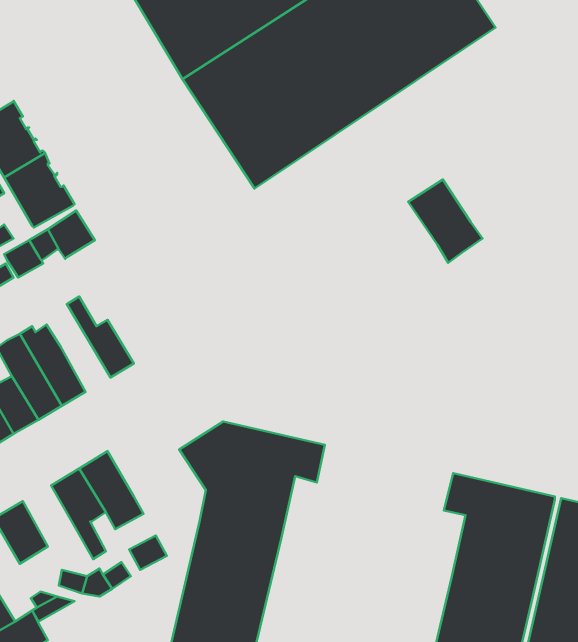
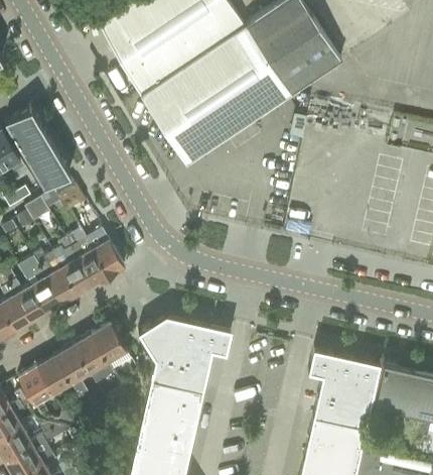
building: [408,180,482,263] -> none
building: none -> [89,223,124,279]
building: none -> [51,241,93,298]
building: none -> [91,325,127,365]
building: none -> [36,358,70,397]

